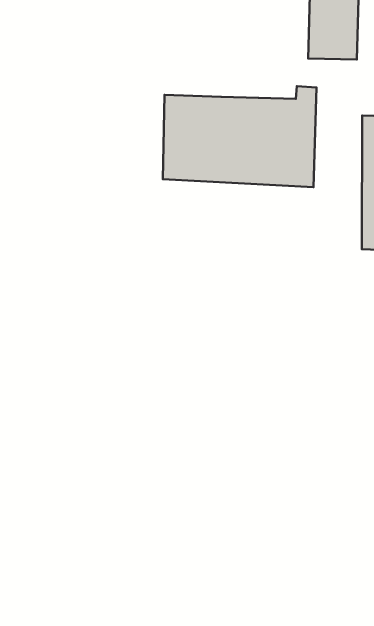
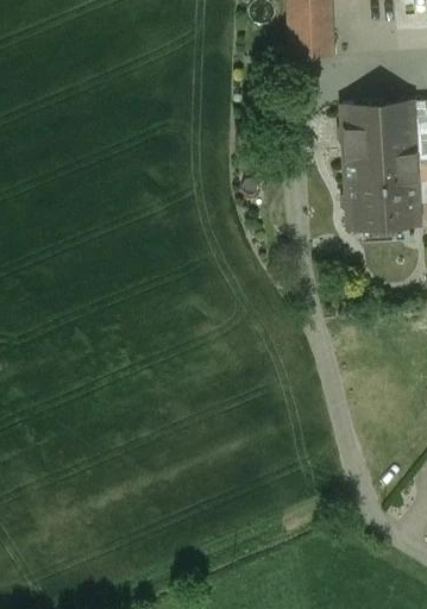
building: [163,86,316,187] -> none

